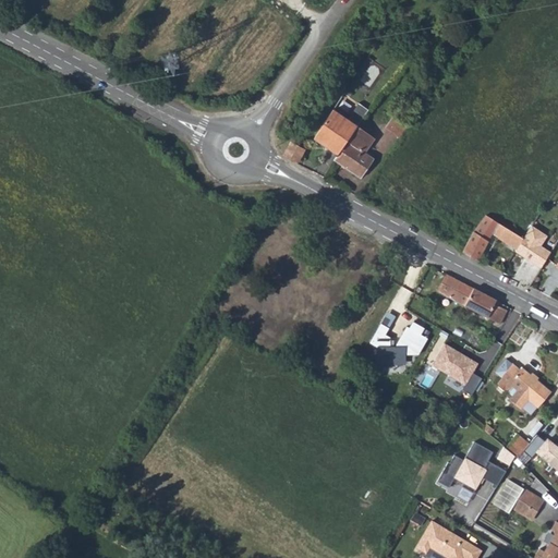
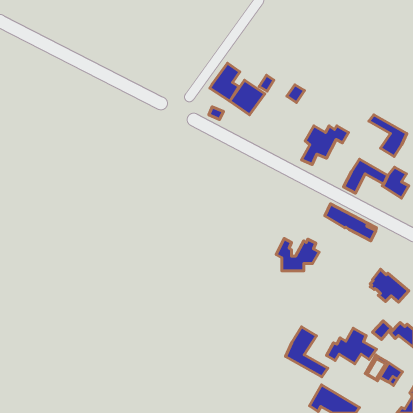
building: [333,126,374,178] -> [210,63,240,101]
building: none -> [369,115,407,157]
building: none -> [301,126,348,164]
building: [436,345,485,396] -> none
building: none -> [285,327,328,377]

